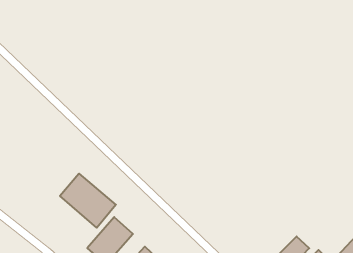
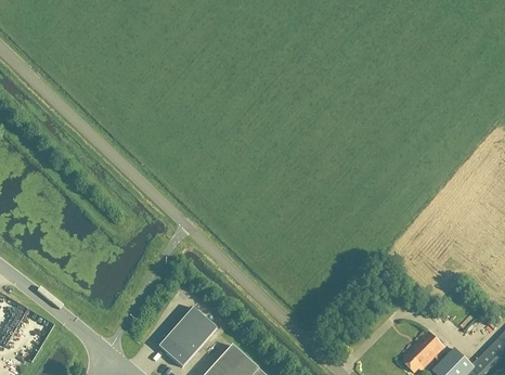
building: [60,174,116,228] -> none

